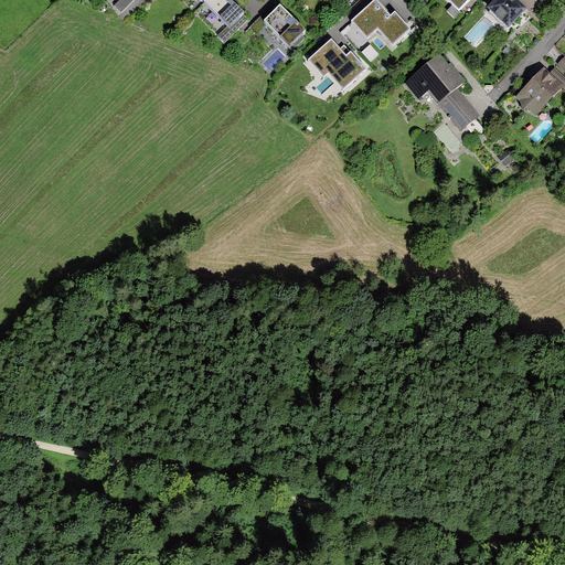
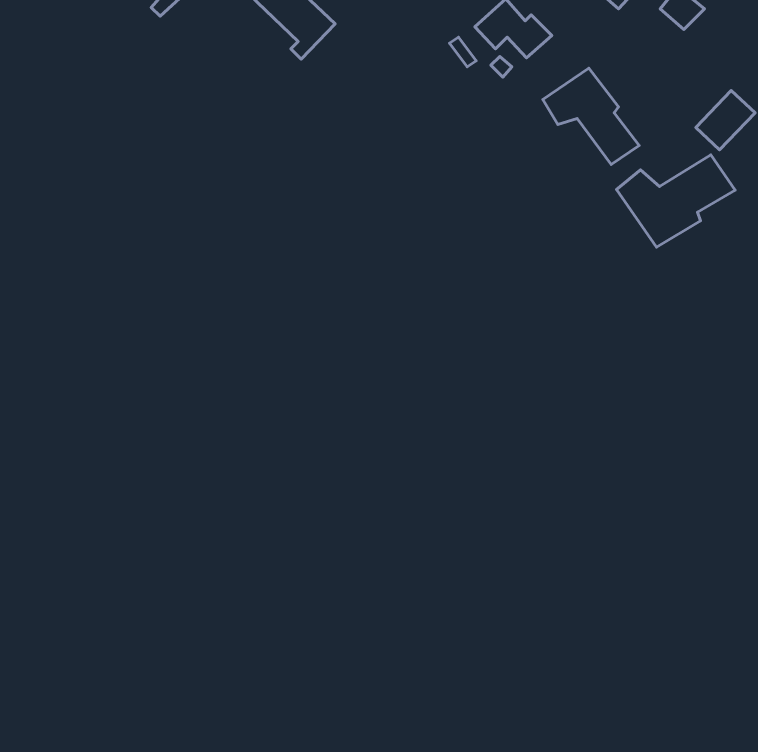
building: [253,6,303,50] -> none
building: [308,39,366,88] -> none
building: none -> [617,155,735,247]

